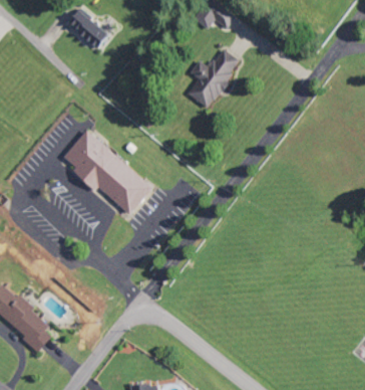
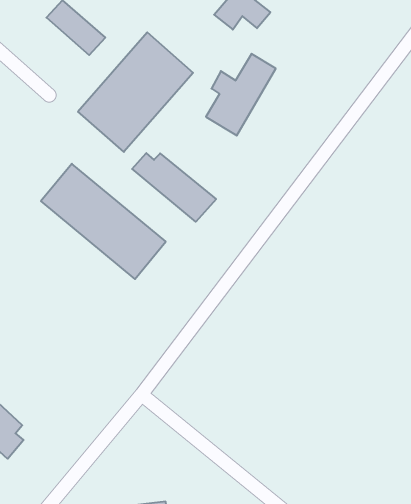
building: none -> [78,32,193,152]
building: none -> [132,153,216,222]

